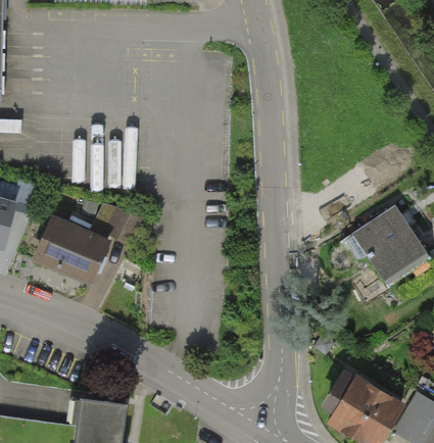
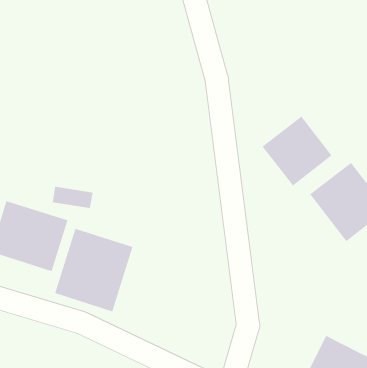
building: none -> [262,115,333,186]
building: none -> [54,228,134,312]

